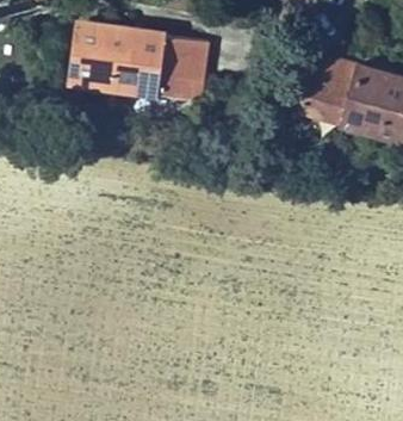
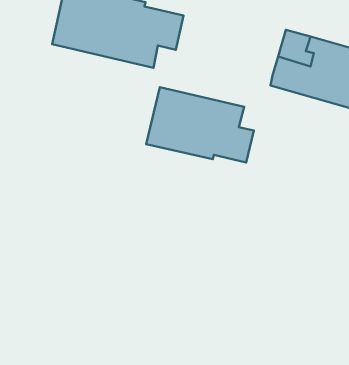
building: none -> [146,87,254,162]

